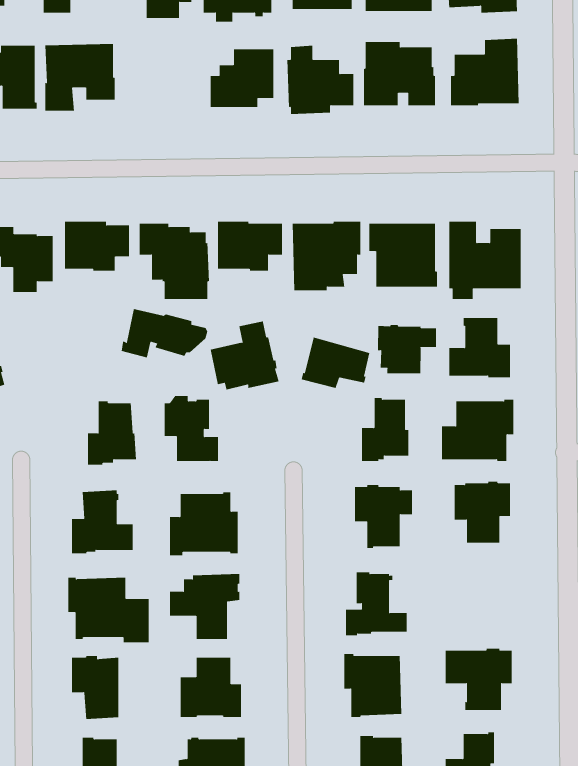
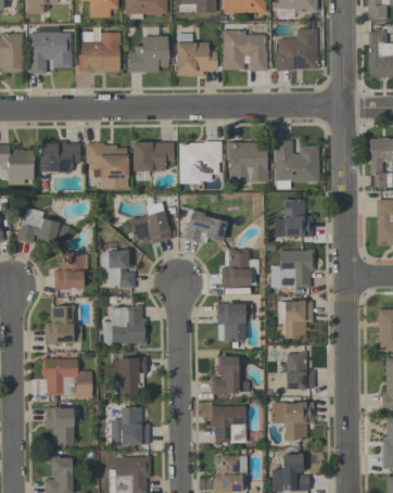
building: none -> [79,26,121,71]
building: [121,308,208,358] -> [16,213,69,243]
building: [377,324,437,374] -> none
building: none -> [287,352,315,389]

